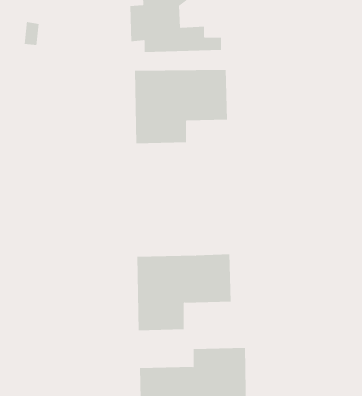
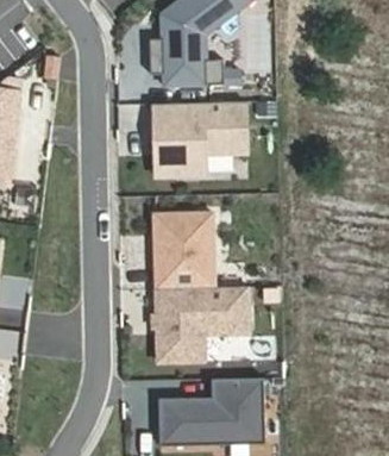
building: none -> [153,213,214,288]

